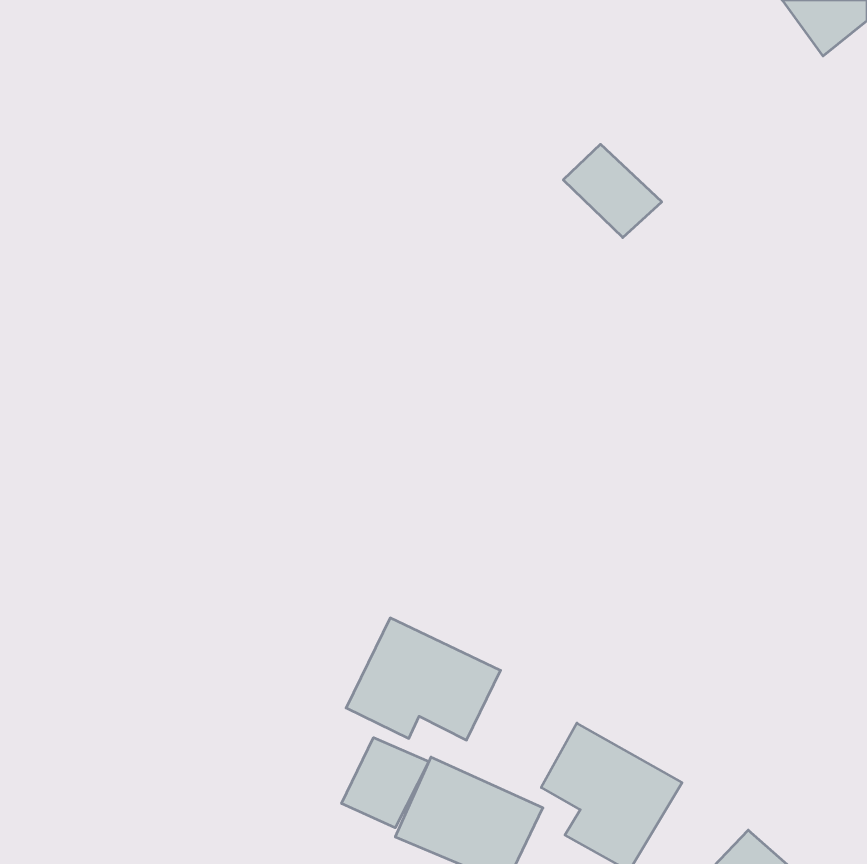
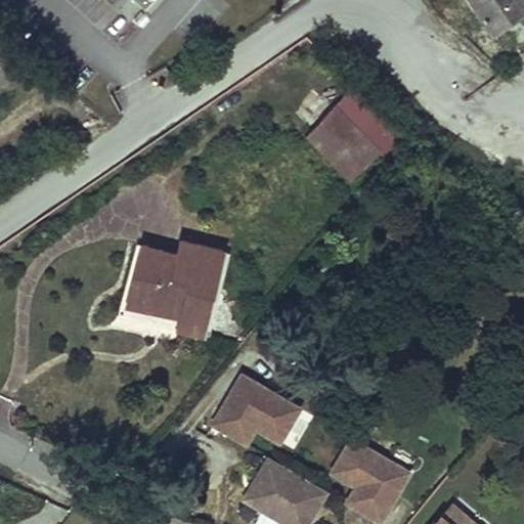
building: none -> [311,111,383,181]
building: none -> [131,242,226,336]
building: [342,738,429,828] -> none

